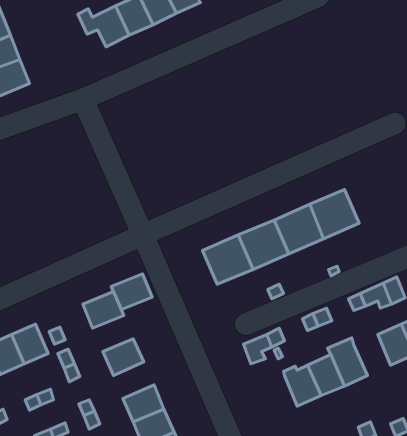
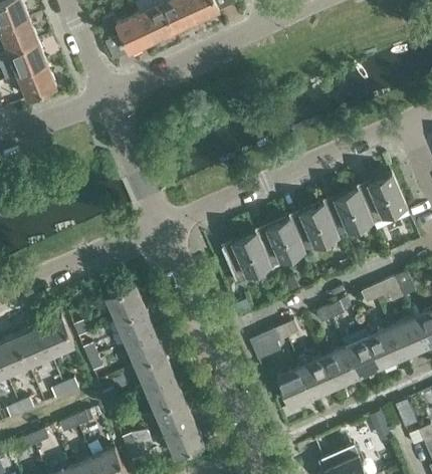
building: none -> [357,174,406,221]
building: [111,274,152,310] -> [116,309,155,343]
building: none -> [366,327,401,367]
building: none -> [136,353,175,389]
building: none -> [276,367,311,406]

